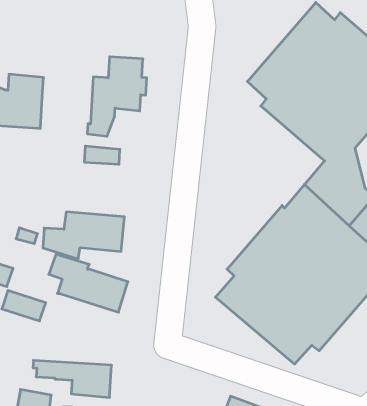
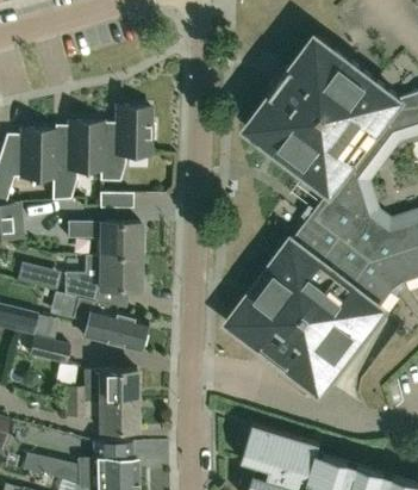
building: none -> [51,122,102,201]
building: none -> [67,222,141,259]
building: none -> [62,370,137,402]

